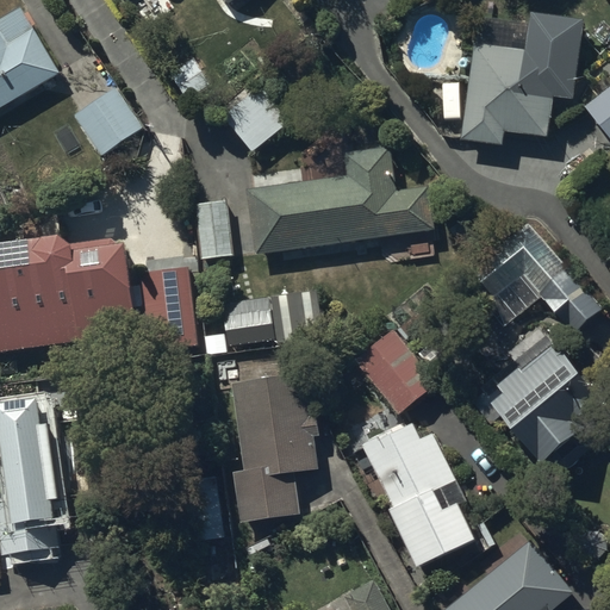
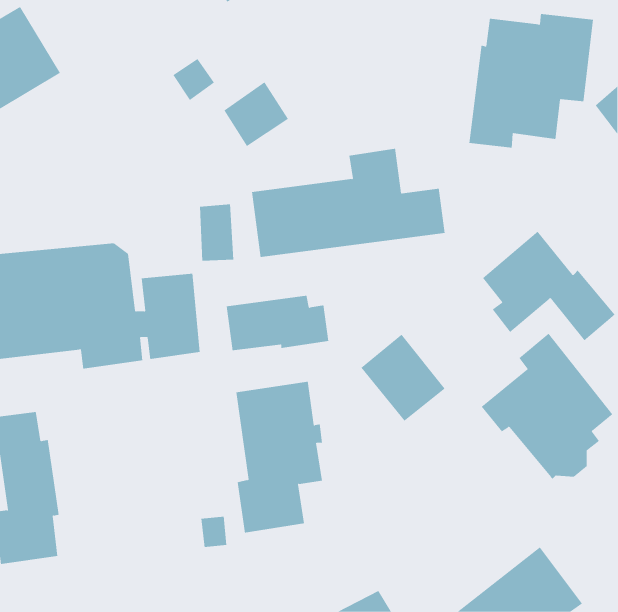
building: [73,87,141,155] -> none
building: [360,423,474,571] -> none

